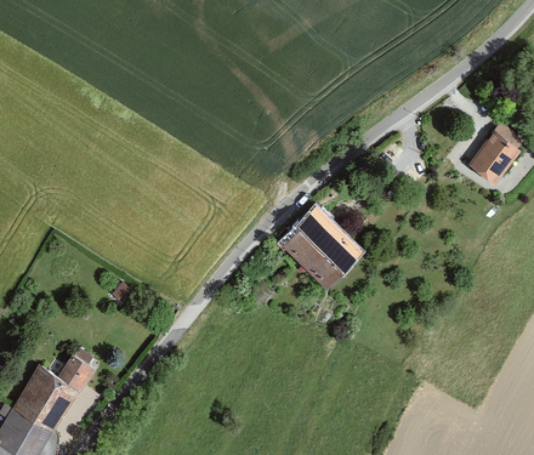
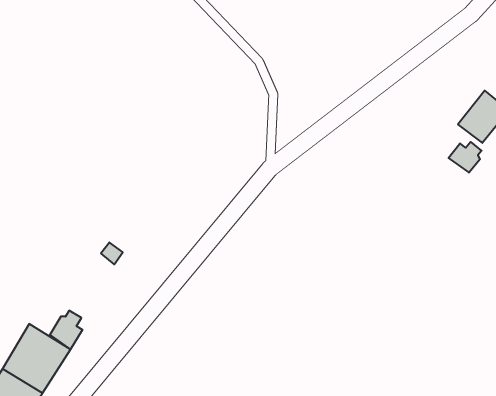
building: none -> [449,142,482,173]
building: [279,206,362,288] -> none

